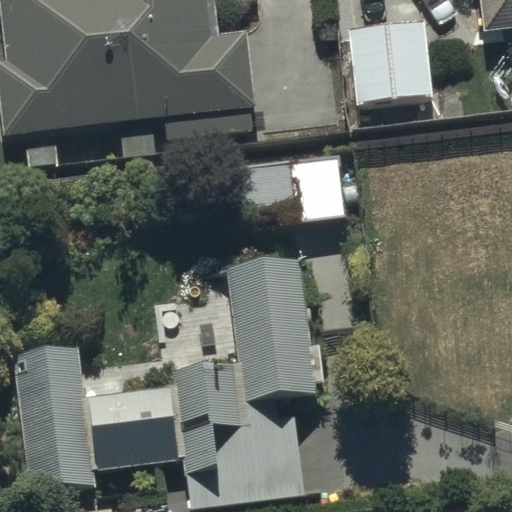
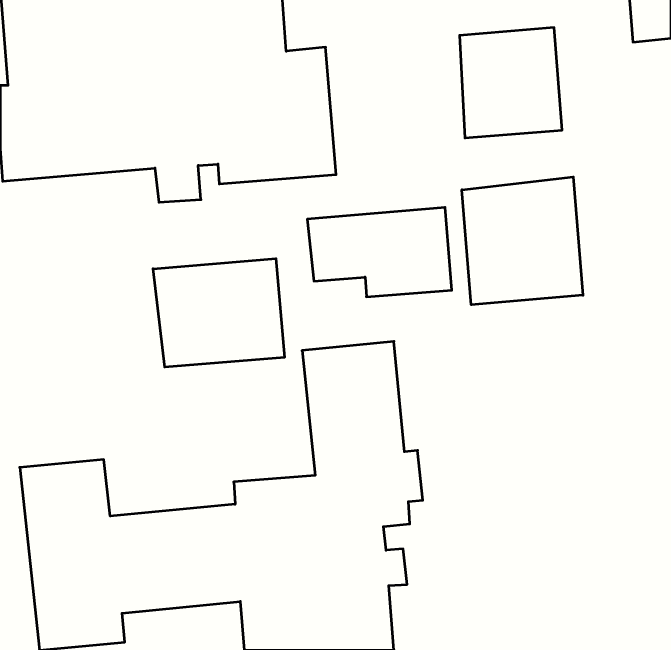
building: none -> [462,177,583,305]
building: none -> [153,259,284,367]

